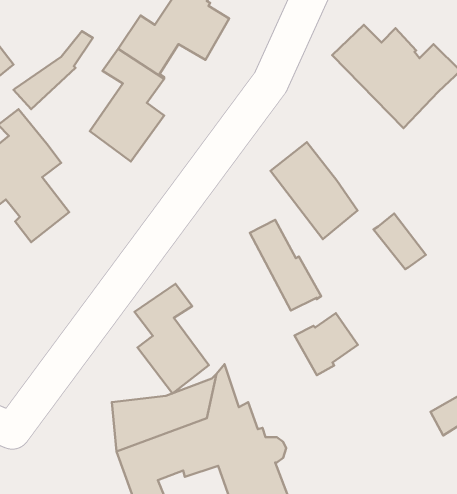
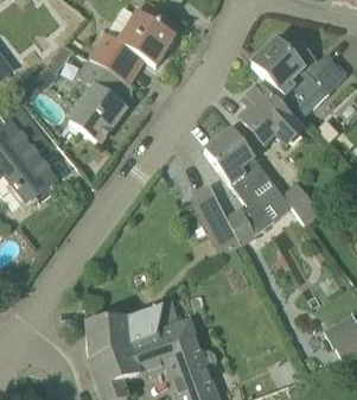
building: none -> [242,80,305,146]
building: [135,284,209,393] -> none
building: [294,313,358,375] -> [227,196,274,242]

